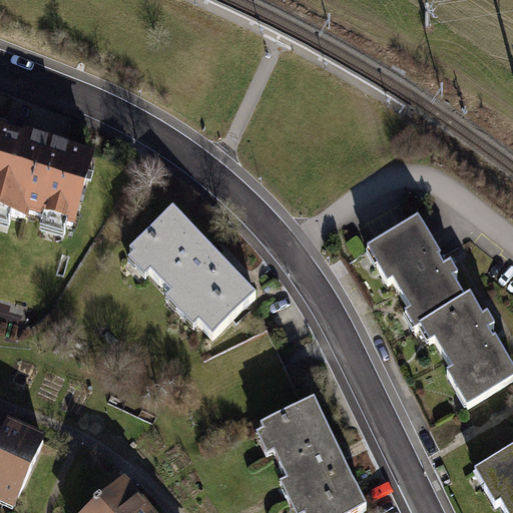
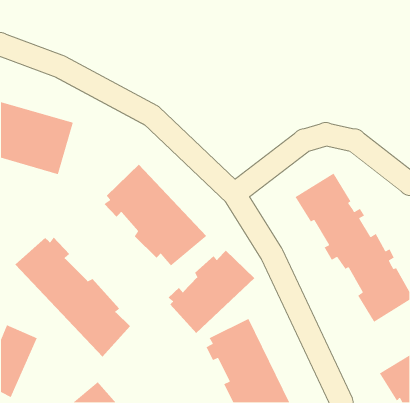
building: none -> [15,237,131,358]
building: none -> [168,250,255,334]

